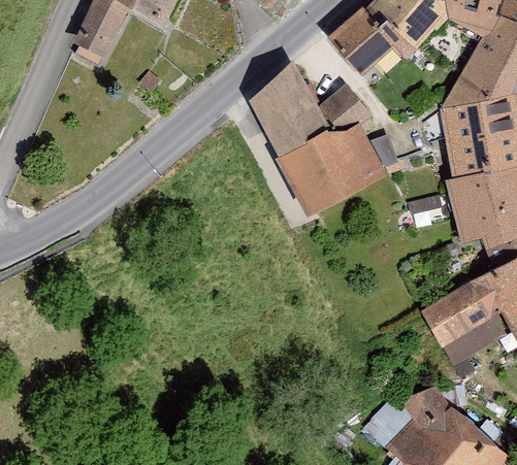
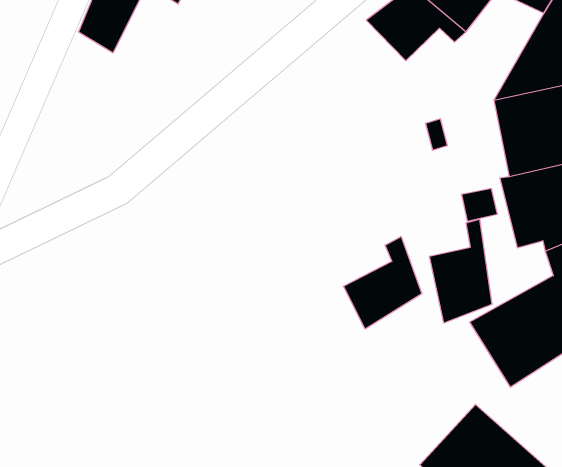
building: [252,62,388,214] -> none
building: none -> [429,219,492,323]
building: none -> [343,236,422,329]

